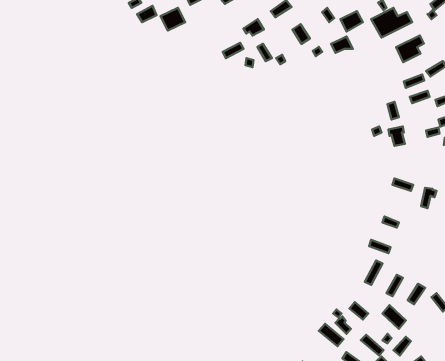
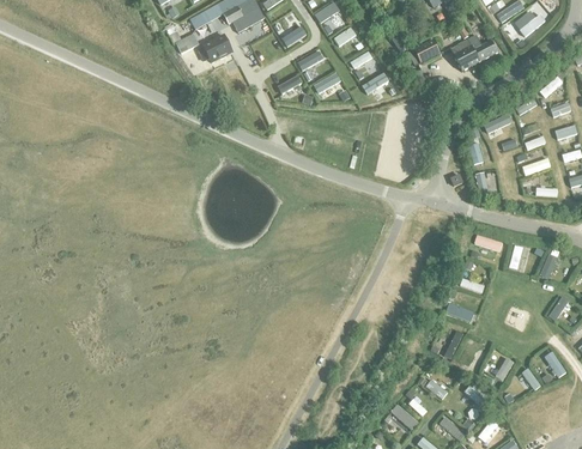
building: [396,35,424,62] -> none

